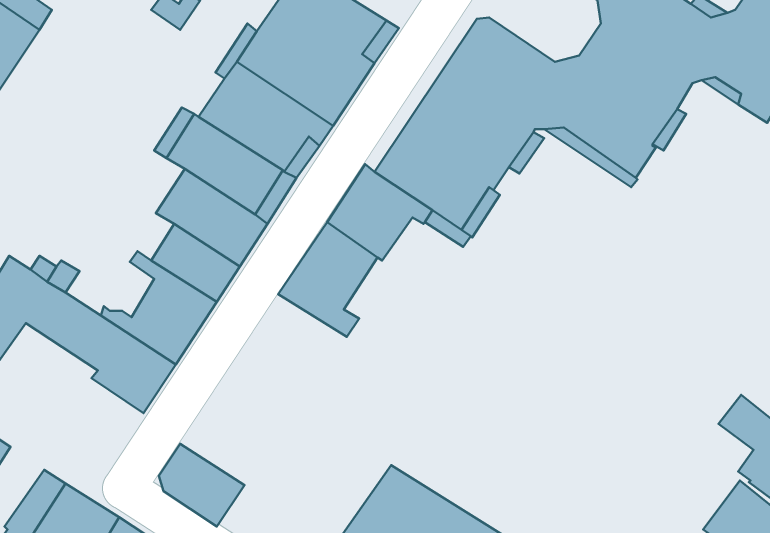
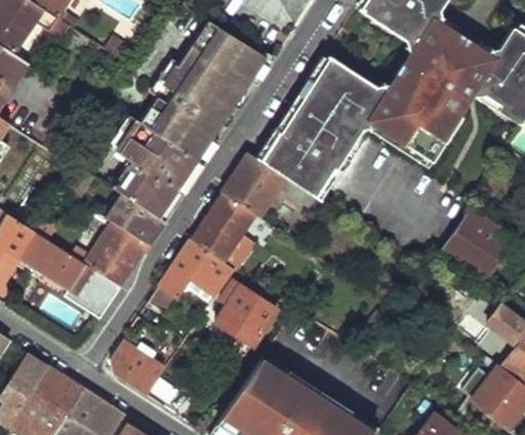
building: none -> [437,212,510,284]
building: none -> [147,240,236,320]
building: none -> [216,279,279,347]

